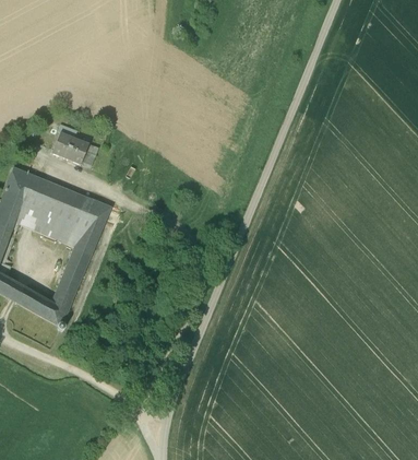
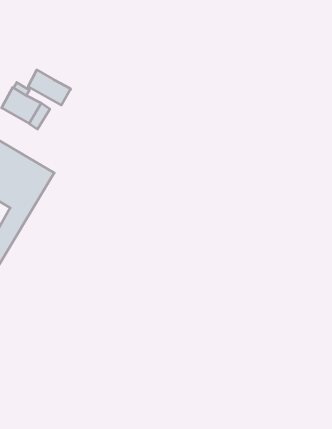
building: none -> [28,70,71,105]

